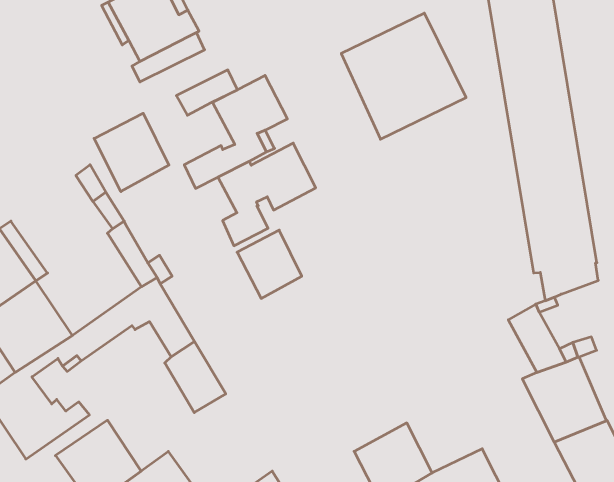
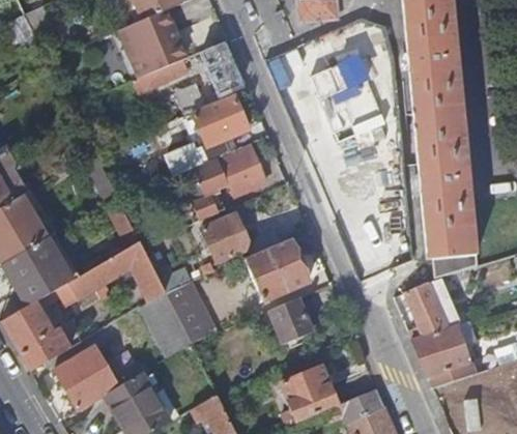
building: none -> [202,41,241,92]
building: [94,113,169,192] -> none
building: none -> [246,238,309,299]
building: none -> [166,281,218,343]
building: none -> [269,297,312,343]

